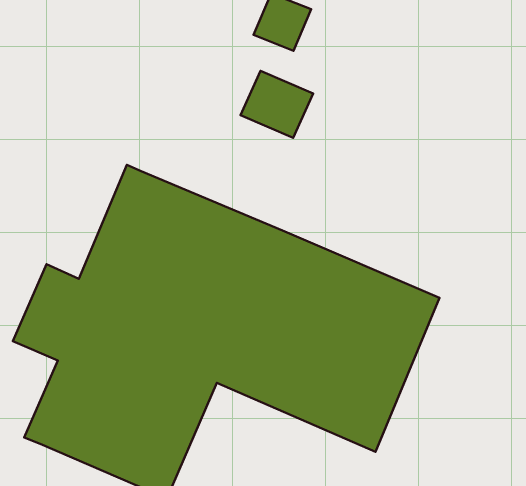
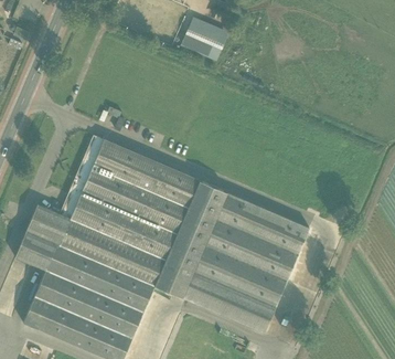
building: [240,71,313,138] -> none

